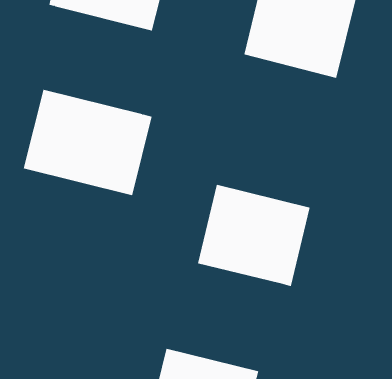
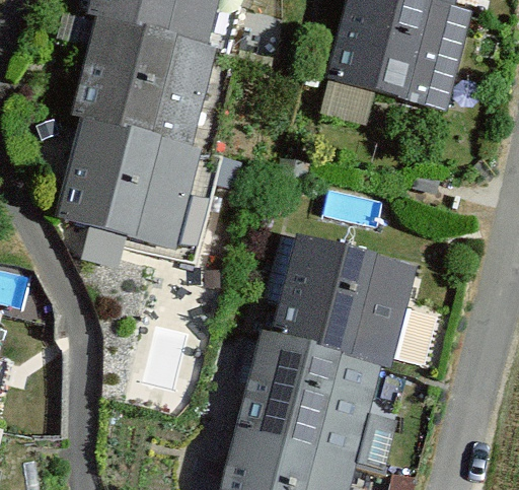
building: none -> [72,21,229,153]
building: none -> [233,334,373,469]

